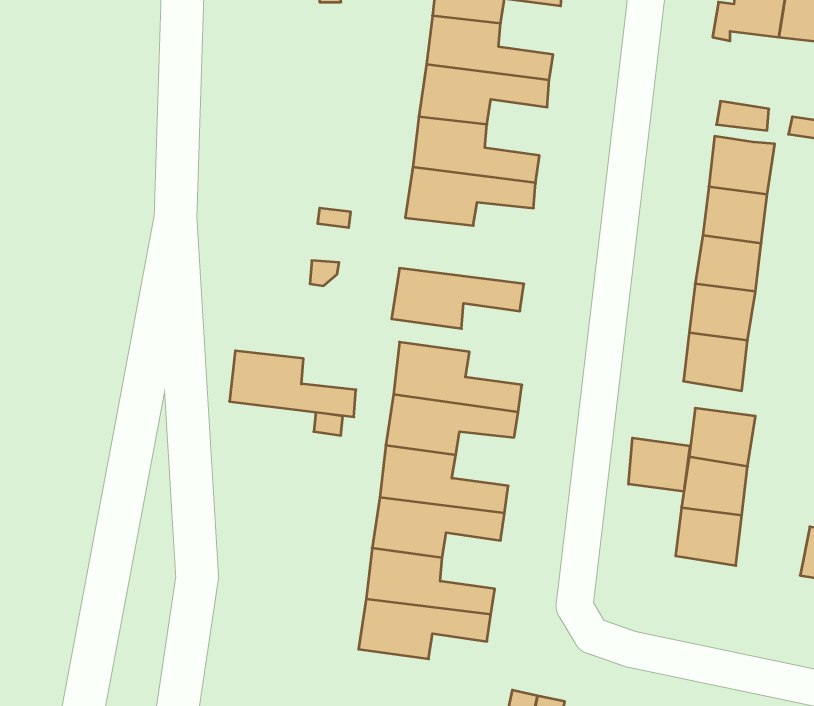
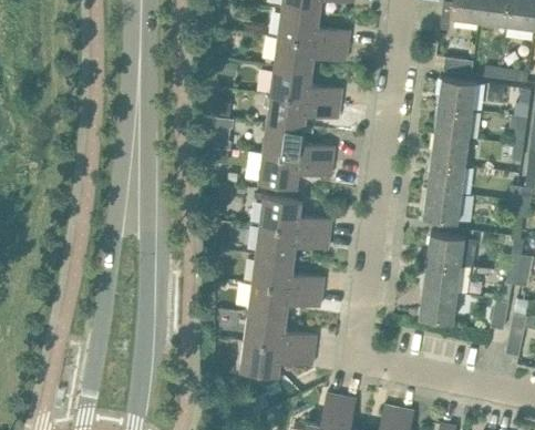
building: [229,351,356,417] -> [263,125,335,163]
building: [629,438,690,492] -> none

